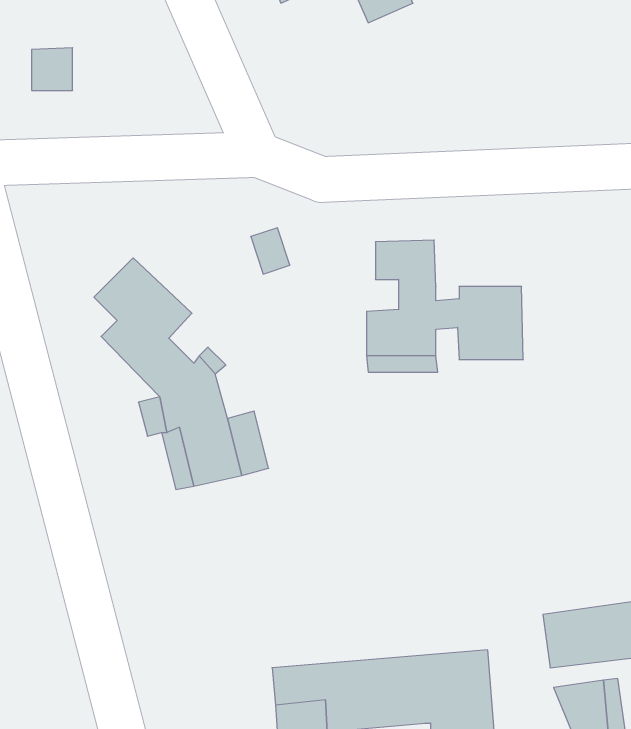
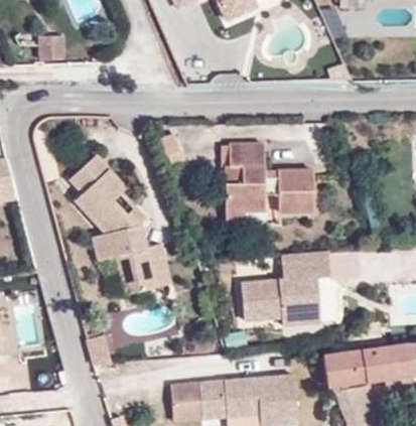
building: none -> [241,254,328,326]

